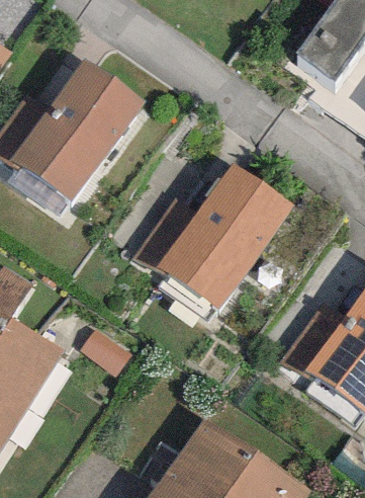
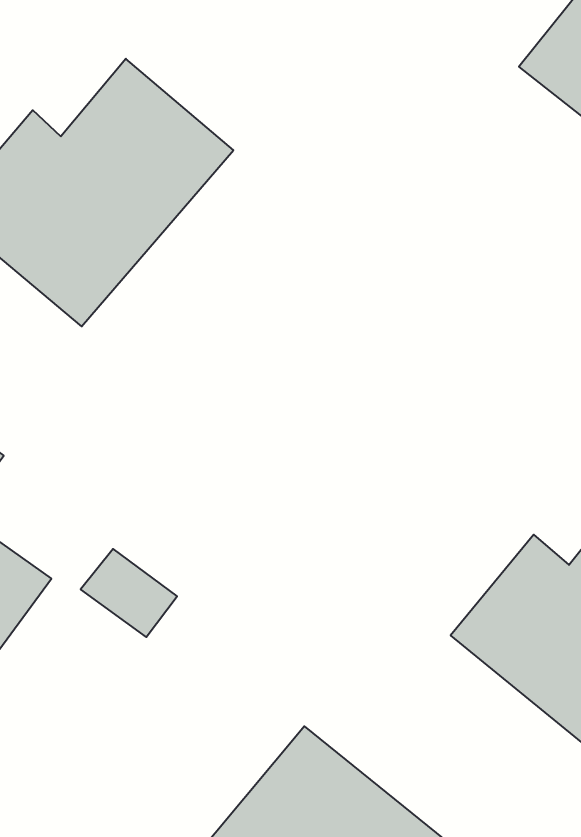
building: [146,164,291,311] -> none

